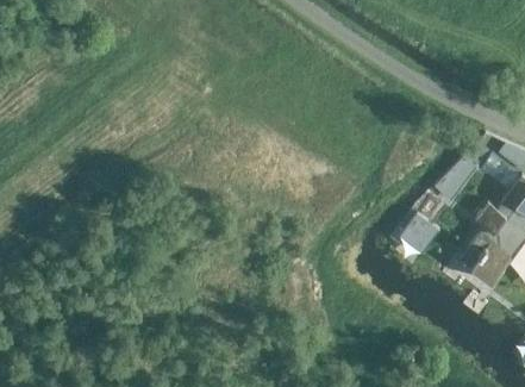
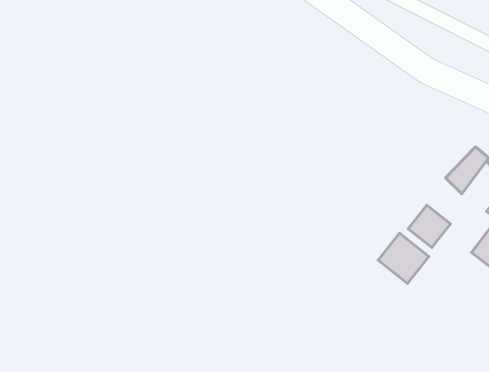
building: none -> [378,233,429,284]

